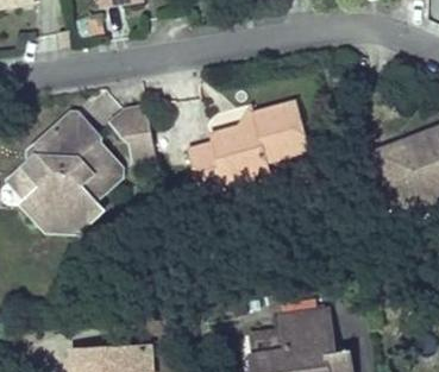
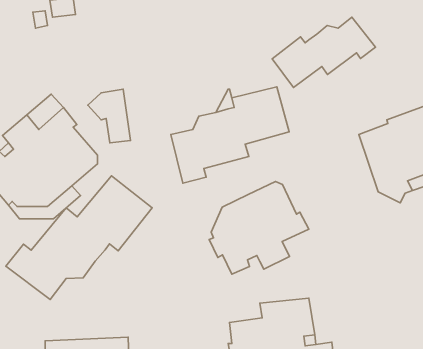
building: none -> [272,17,375,87]
building: none -> [6,176,152,300]
building: none -> [209,181,309,274]

